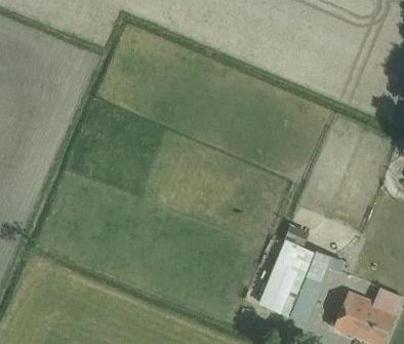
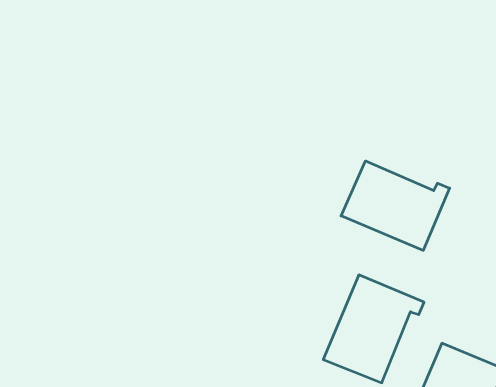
building: none -> [341,161,450,250]

